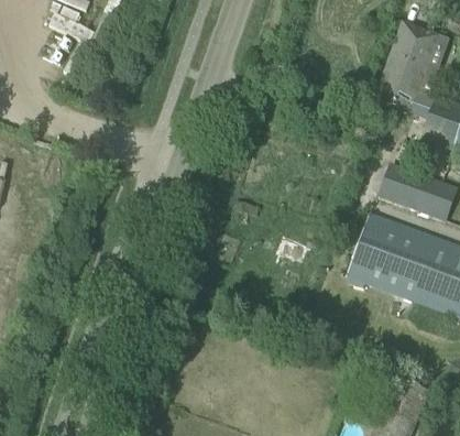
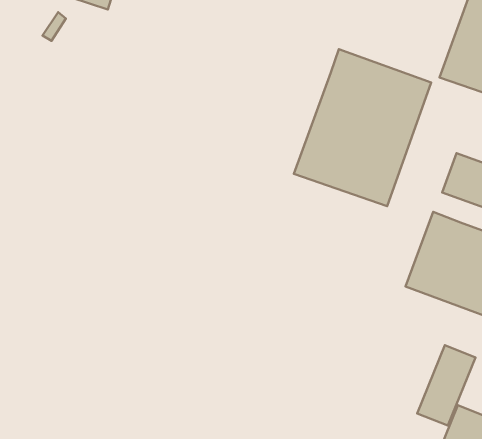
building: none -> [294,49,431,206]
building: none -> [417,345,475,426]

